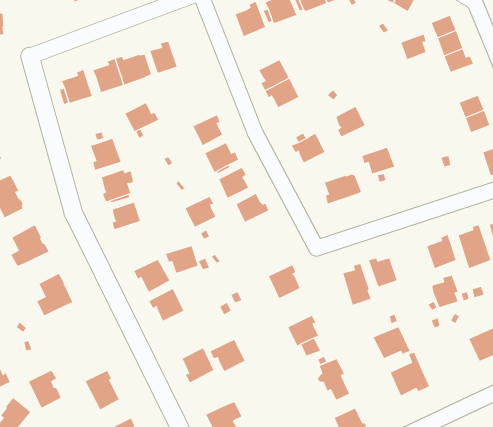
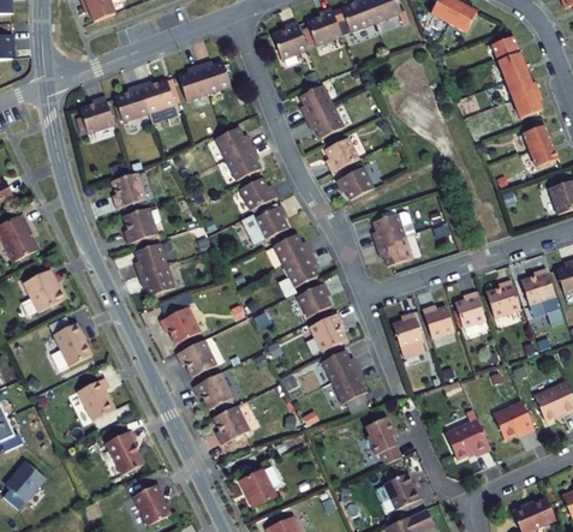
building: [401,34,426,60] -> [513,89,542,118]
building: none -> [199,60,231,92]
building: [125,103,159,132] -> [215,126,253,159]
building: [335,106,366,137] -> [326,137,359,172]
building: [362,147,395,174] -> [376,235,413,265]
building: [185,196,216,228] -> [283,252,318,287]
building: none -> [297,282,332,317]
building: [165,245,199,273] -> [138,264,175,295]
building: [432,275,458,308] -> [455,289,485,327]
building: none -> [322,349,359,382]
building: [373,326,411,359] -> [493,401,535,437]
building: [210,339,245,372] -> [193,372,233,408]
building: [28,370,62,409] -> [78,377,115,420]

